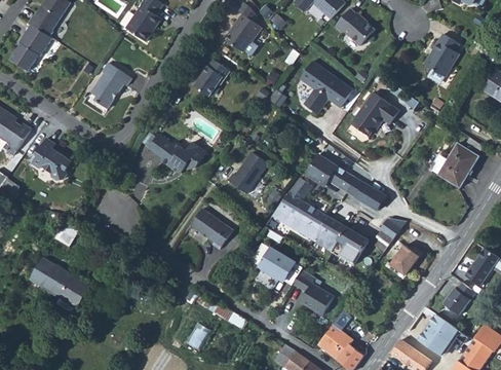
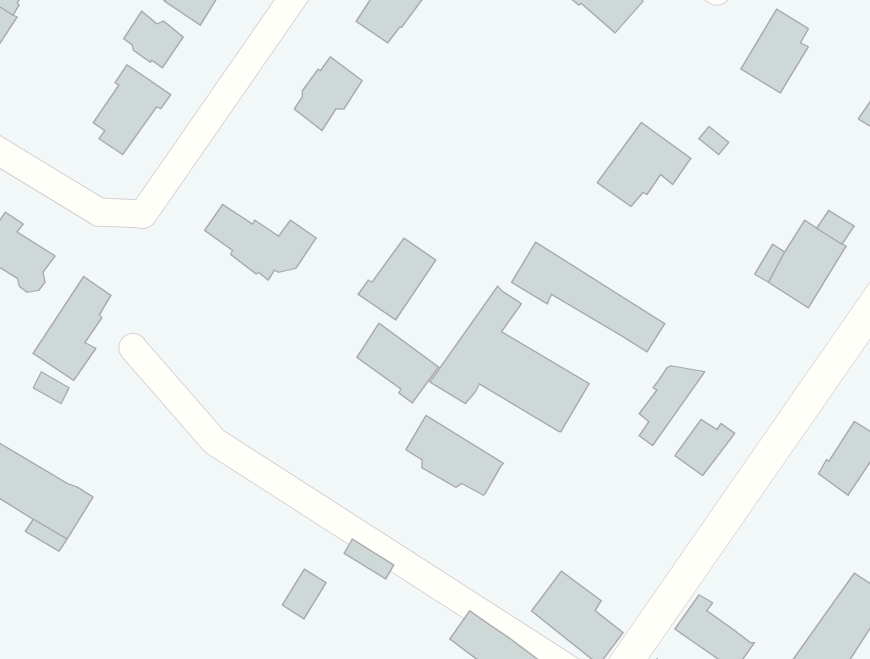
building: none -> [124,11,183,68]
building: [300,61,352,114] -> none
building: none -> [33,276,111,381]
building: [190,208,232,249] -> [357,323,439,403]
building: [332,227,368,265] -> none
building: [293,269,334,314] -> none
building: [442,282,475,316] -> none
building: [416,314,457,356] -> none

